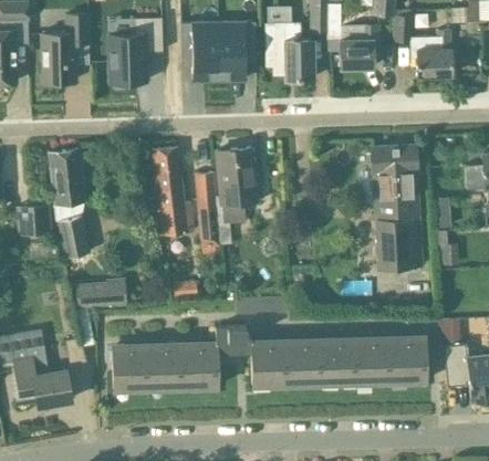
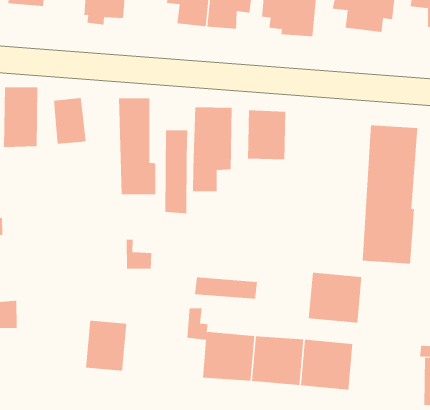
building: none -> [248,109,286,160]
building: [58,213,91,256] -> [53,98,87,144]
building: [75,279,125,308] -> none
building: [180,326,233,388] -> none
building: [379,339,425,381] -> [308,272,362,323]
building: [112,347,148,390] -> none

